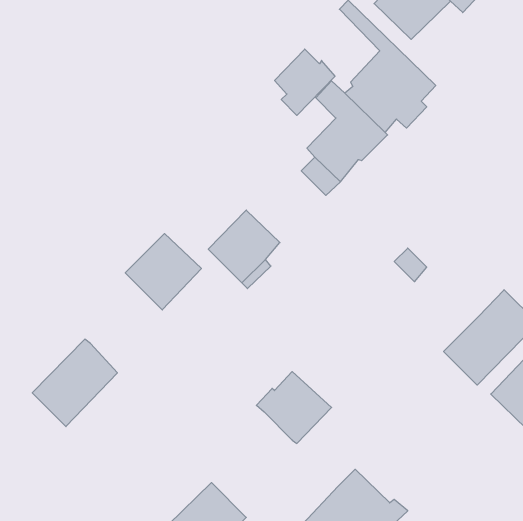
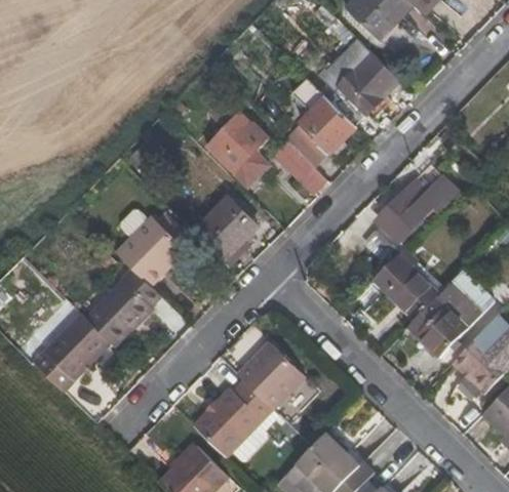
building: [275,49,335,115] -> [212,113,268,173]
building: none -> [379,174,461,244]
building: none -> [367,247,440,324]
building: none -> [85,268,162,347]
building: none -> [194,380,270,455]

